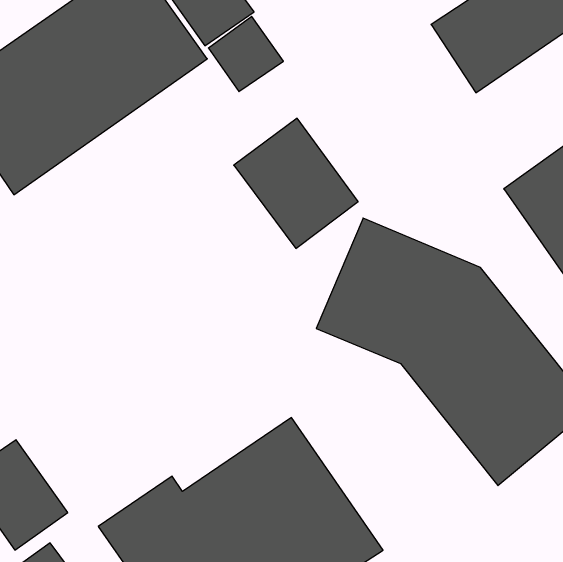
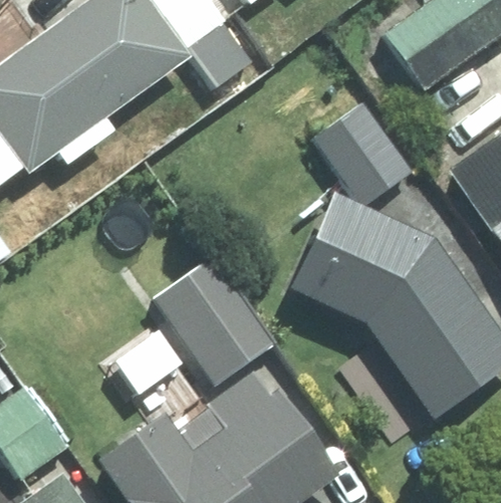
building: [234,118,358,248] -> [311,95,418,207]
building: none -> [156,257,277,389]

